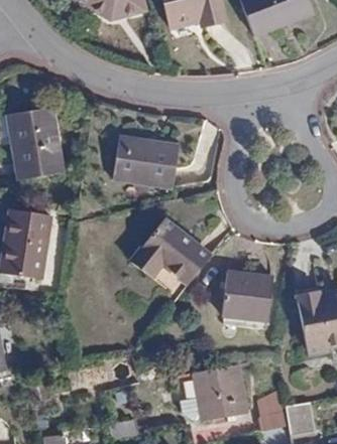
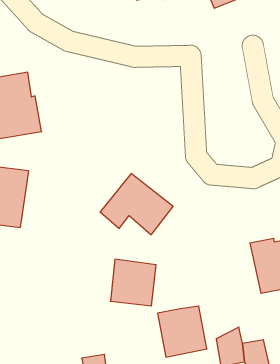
building: [112,136,179,187] -> none
building: [222,270,272,321] -> [110,259,156,306]

